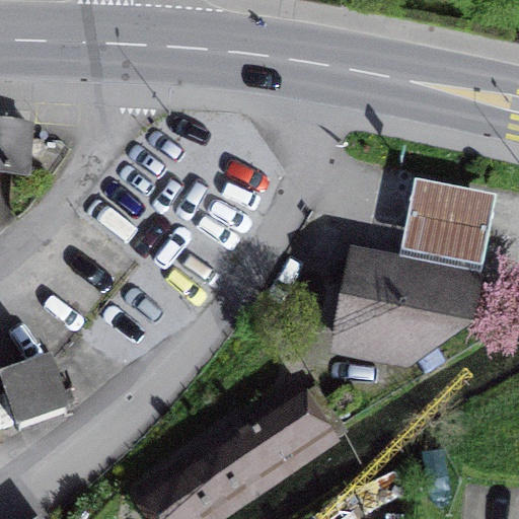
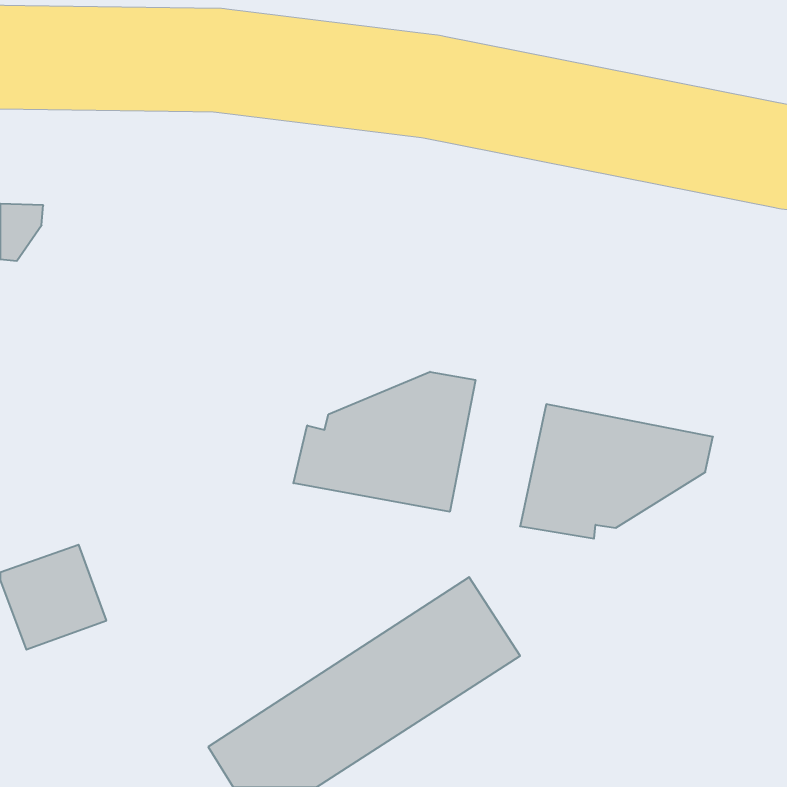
building: [401,181,495,268] -> none
building: none -> [293,372,475,512]

